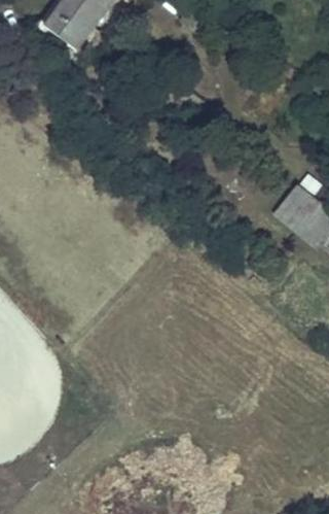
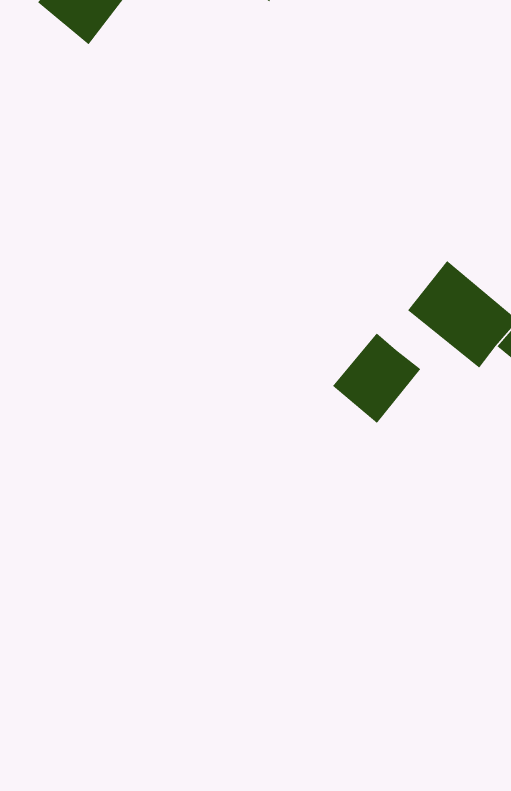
building: none -> [332,332,421,424]

